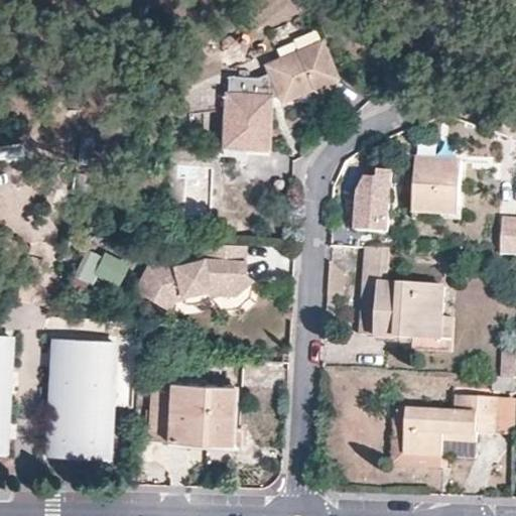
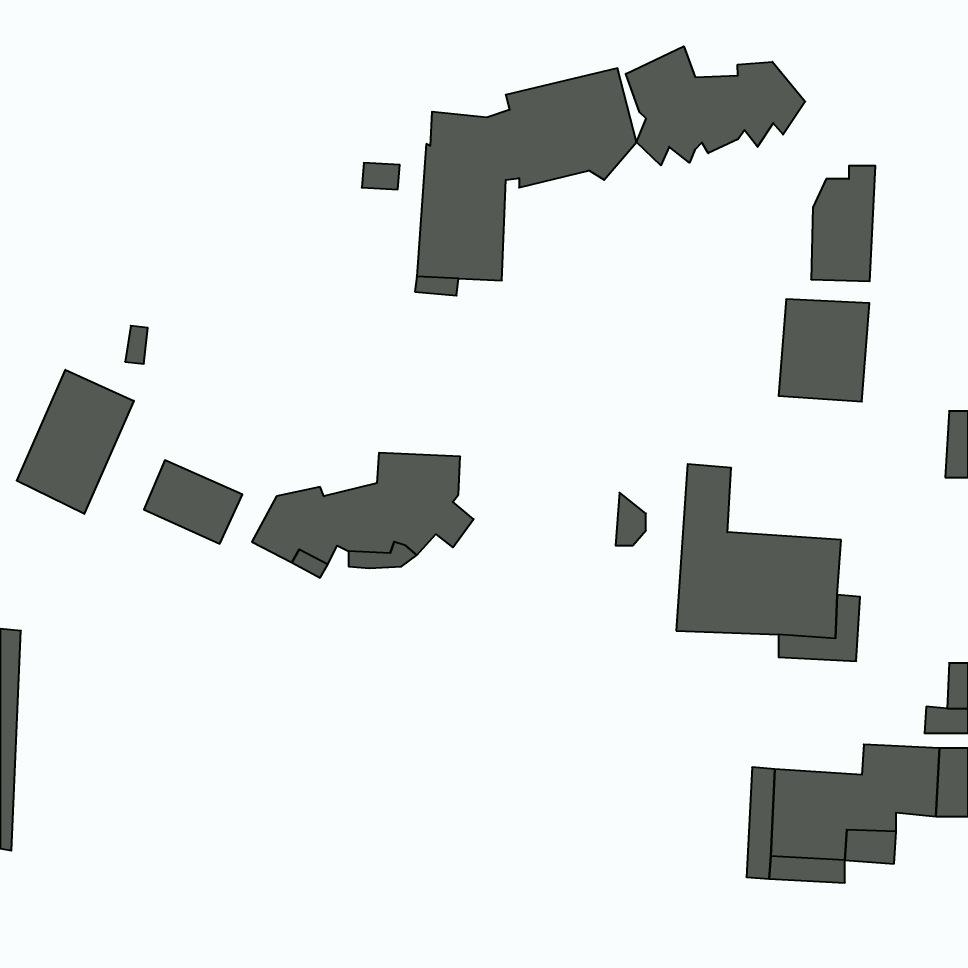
building: none -> [626,46,805,165]
building: [357,169,391,231] -> [811,166,875,281]
building: none -> [17,370,134,514]
building: [50,339,113,458] -> none
building: [148,380,238,443] -> none

